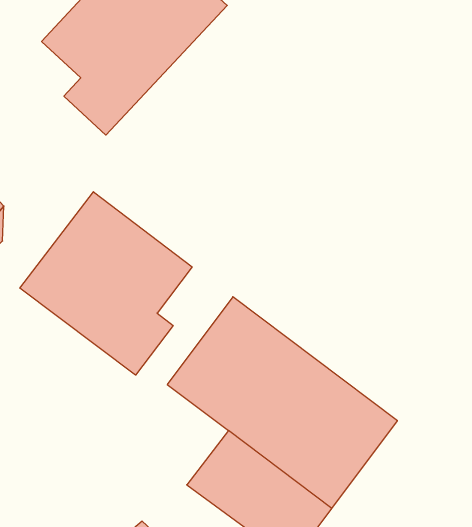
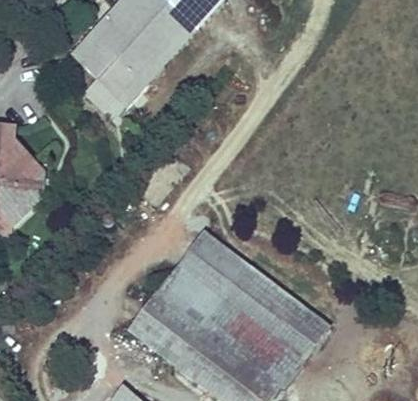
building: [20,192,192,375] -> none
building: none -> [130,296,204,368]

